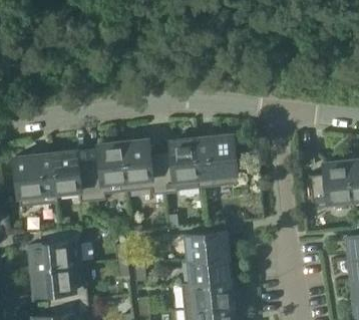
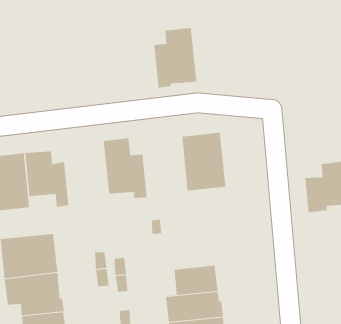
building: [159,137,200,194] -> [153,27,197,88]
building: [87,141,127,201] -> none
building: [185,231,227,260] -> none

